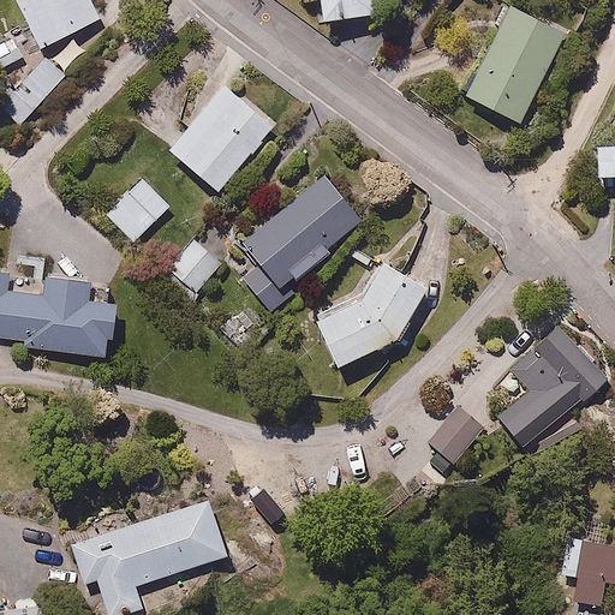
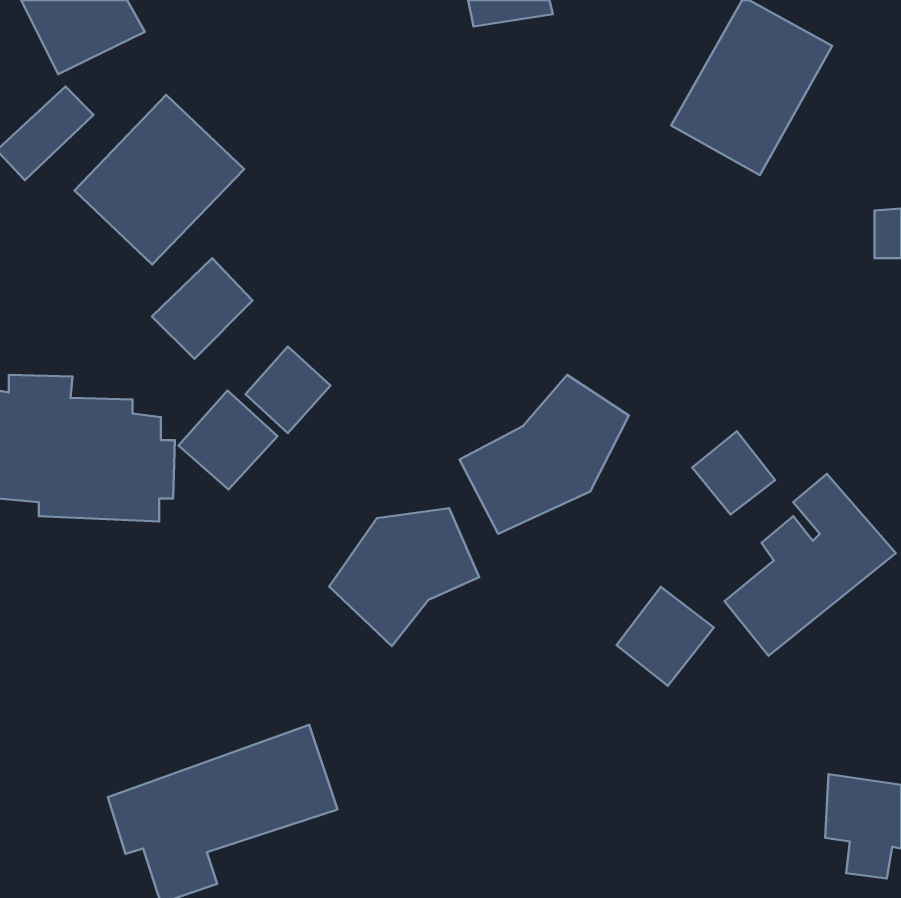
building: [163,80,279,196] -> [74,95,244,265]
building: [243,169,363,315] -> none
building: none -> [179,391,278,489]
building: none -> [692,431,775,515]
building: none -> [329,508,479,646]

